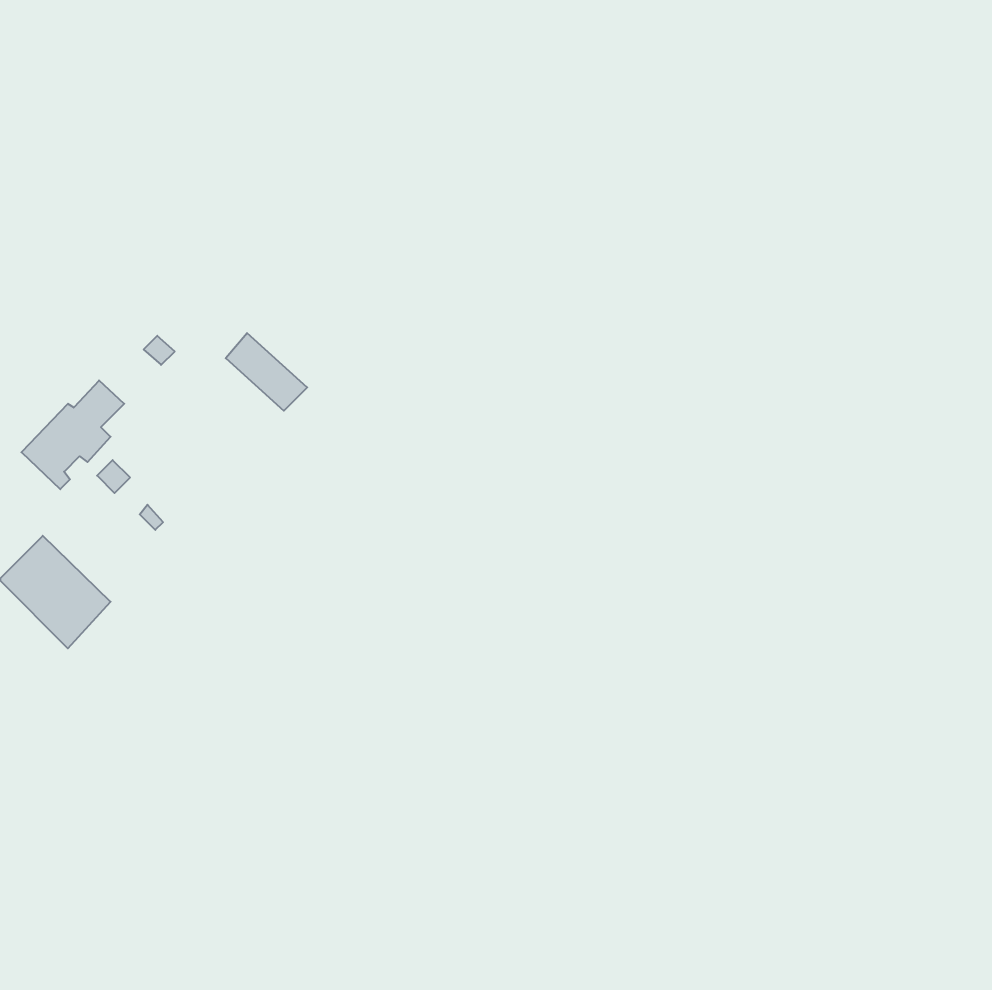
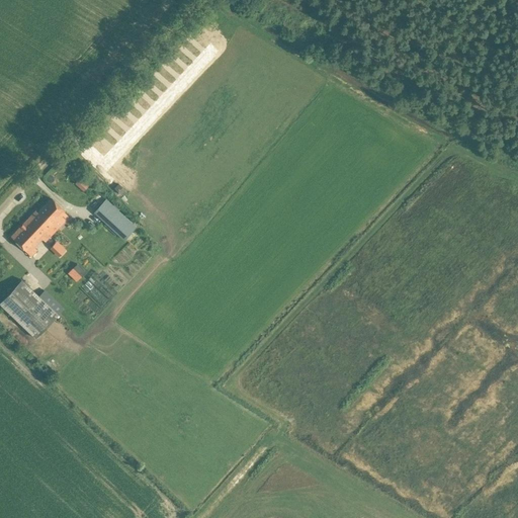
building: [226,333,307,411] -> [94,199,137,240]

